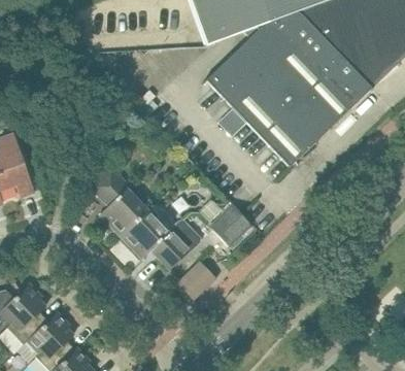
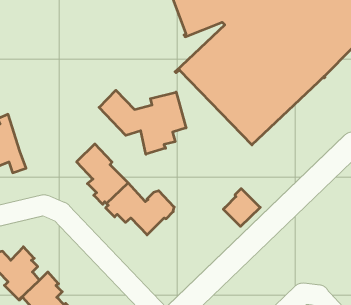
building: none -> [99,90,186,154]
building: [209,203,251,246] -> [223,189,260,226]
building: [176,261,216,300] -> none

